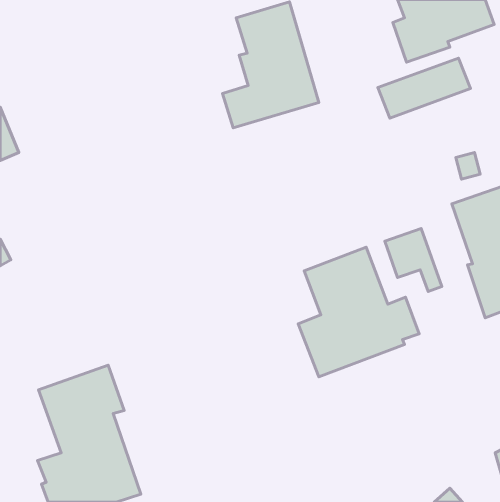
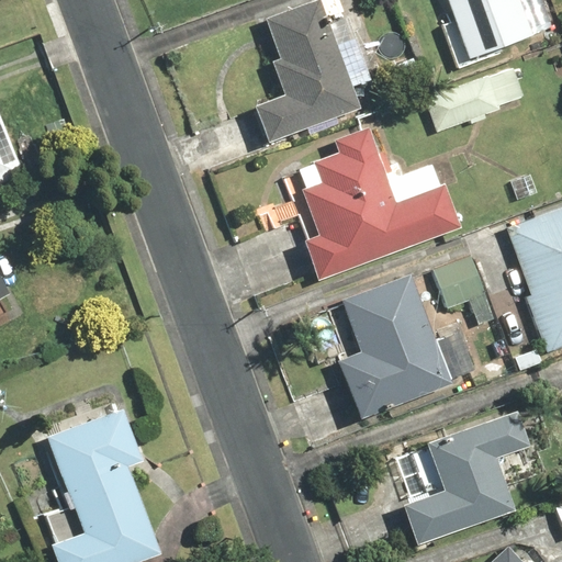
building: none -> [296,127,462,283]
building: none -> [392,409,535,544]

